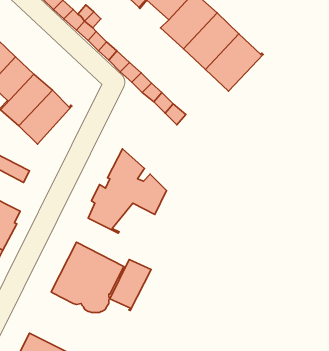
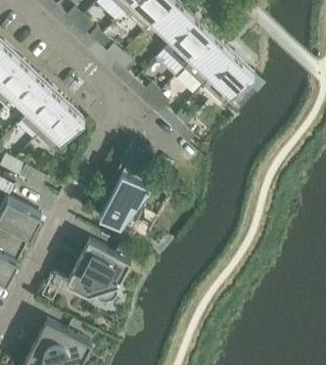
building: [110,260,151,310] -> none

